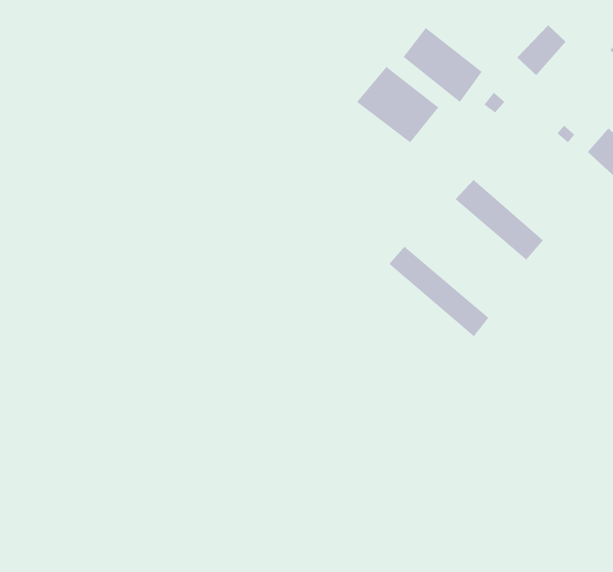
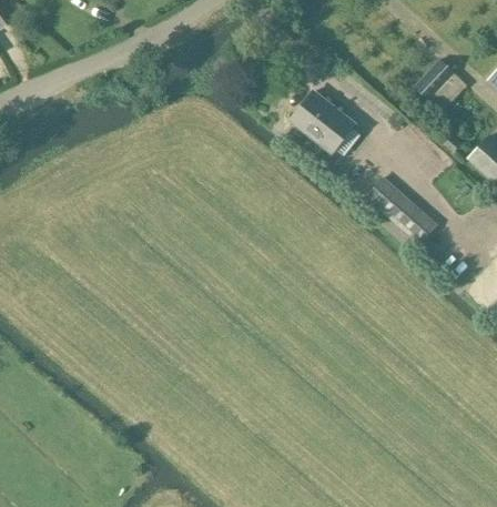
building: [403,27,482,103] -> none
building: [389,246,489,337] -> none

